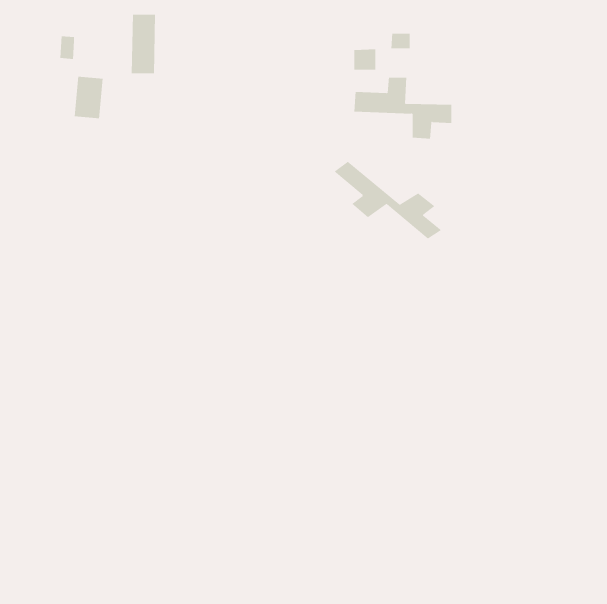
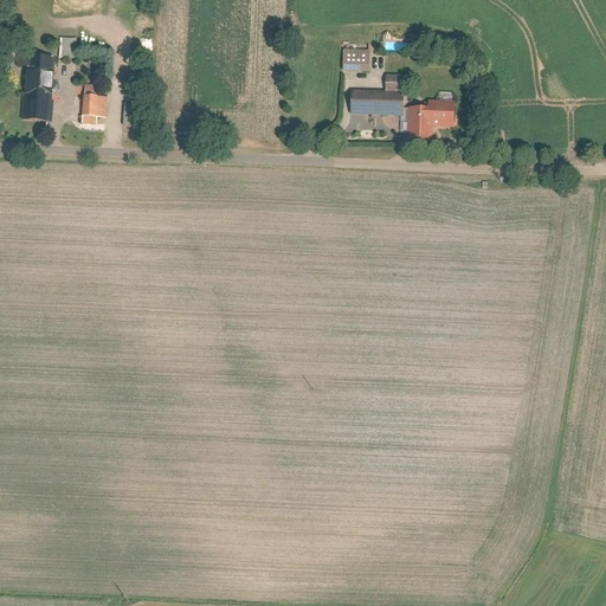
building: [131,14,156,74] -> [26,57,51,116]
building: [333,161,442,239] -> none

